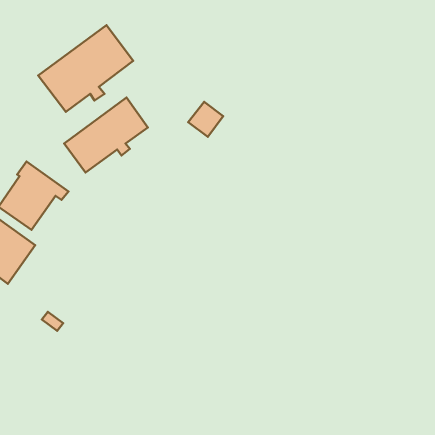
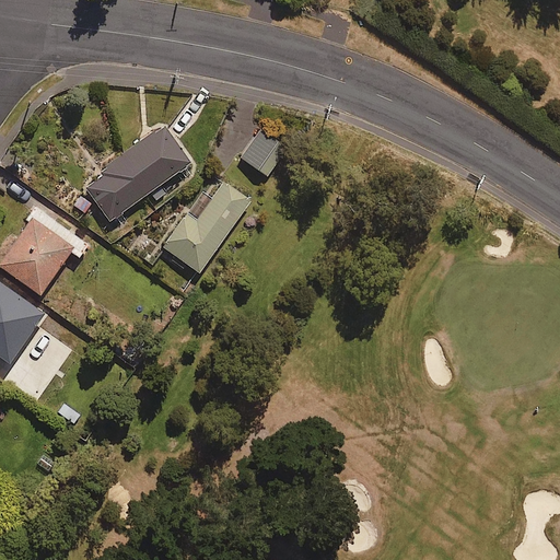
building: [38,25,133,112] -> none
building: none -> [162,182,249,272]

